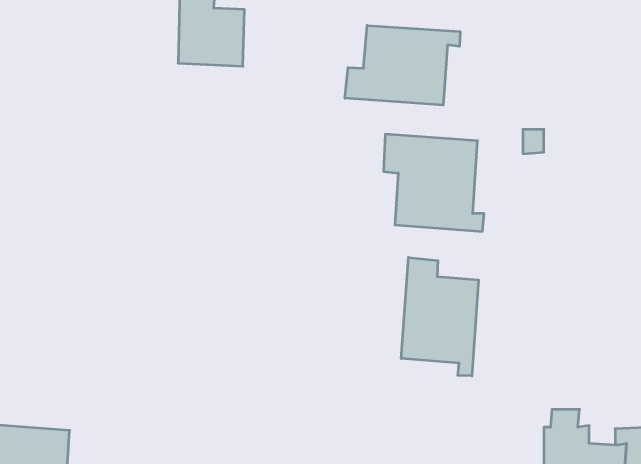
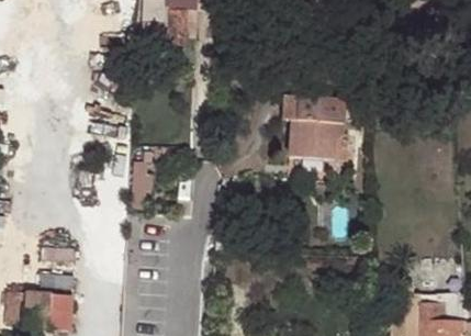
building: [345,25,460,105] -> none
building: [401,257,478,376] -> none

